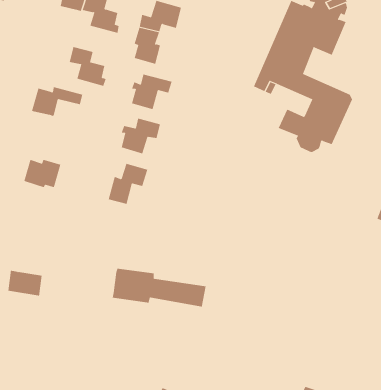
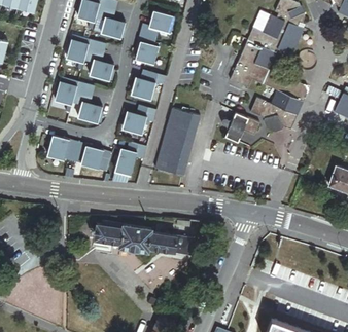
building: none -> [65,38,105,62]
building: none -> [72,90,102,122]
building: none -> [154,109,200,176]
building: none -> [223,113,259,143]
building: none -> [72,142,103,169]
building: [8,270,43,296] -> [93,223,120,244]

